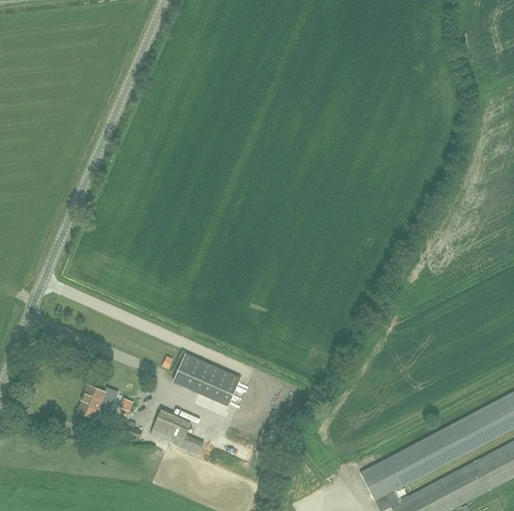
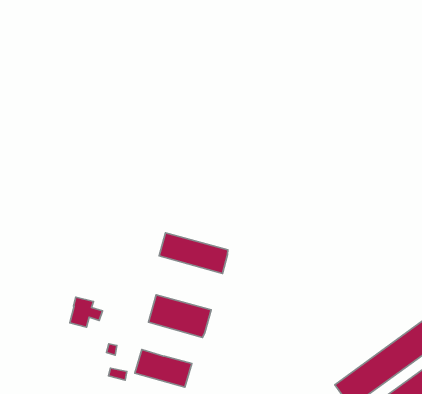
building: none -> [159,233,228,273]
building: [77,385,113,418] -> [70,297,102,327]

